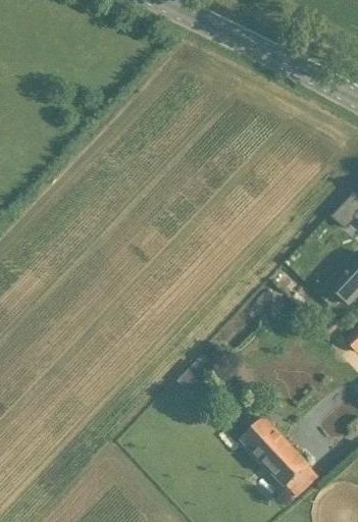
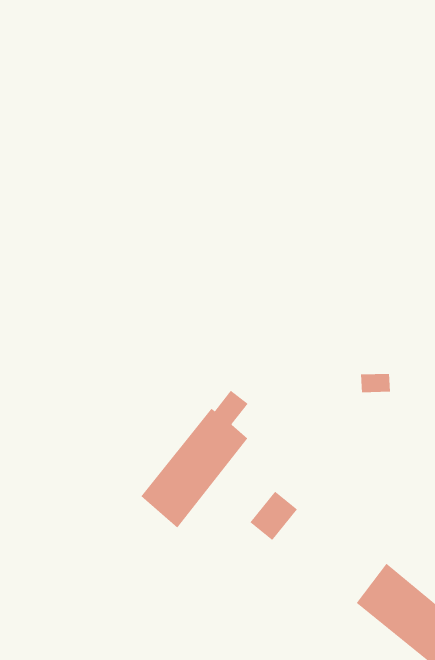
building: none -> [140,390,248,528]

